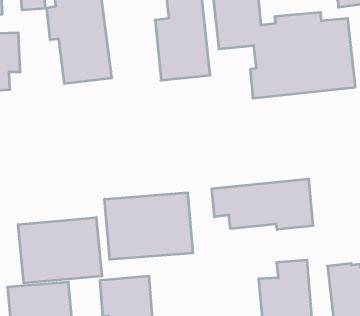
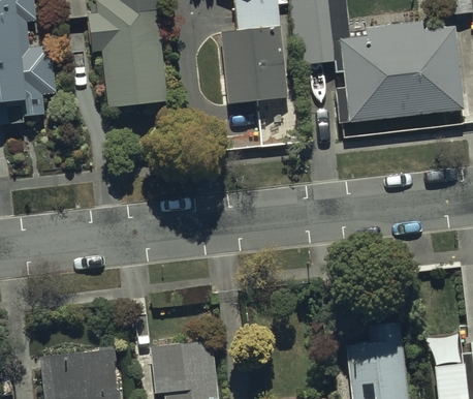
building: [212,179,313,230] -> none
building: [105,193,193,260] -> none
building: [18,217,102,283] -> none

